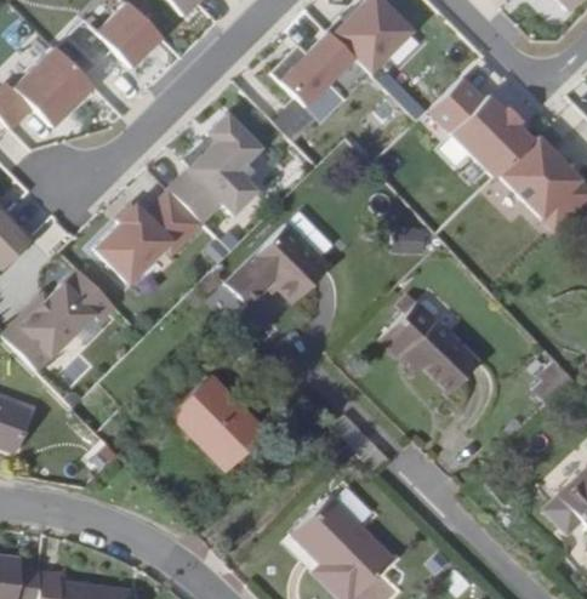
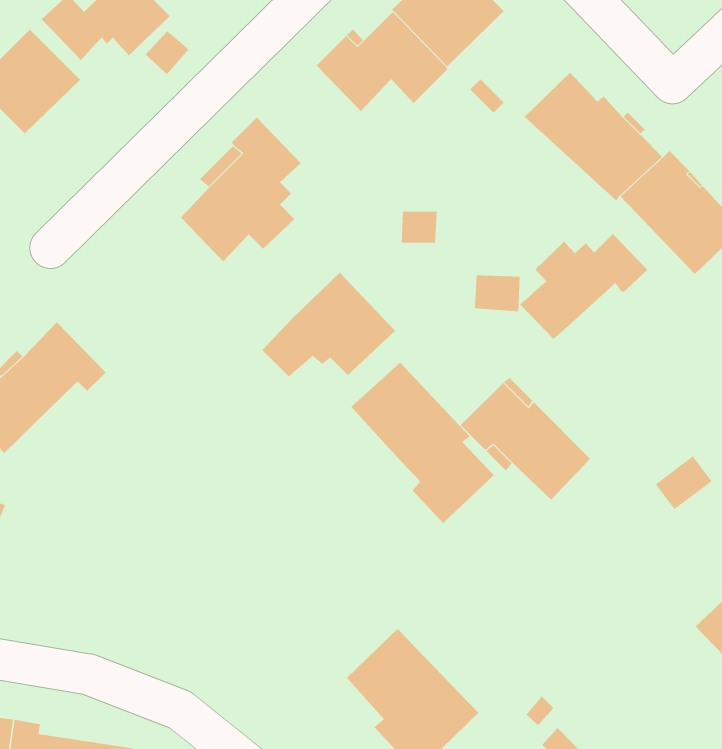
building: [93,188,203,281] -> none
building: none -> [519,233,648,340]
building: none -> [351,362,495,524]
building: [176,382,269,475] -> none

